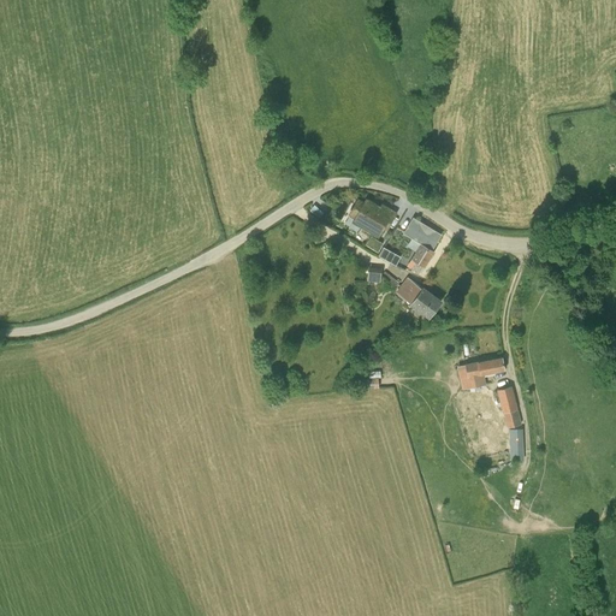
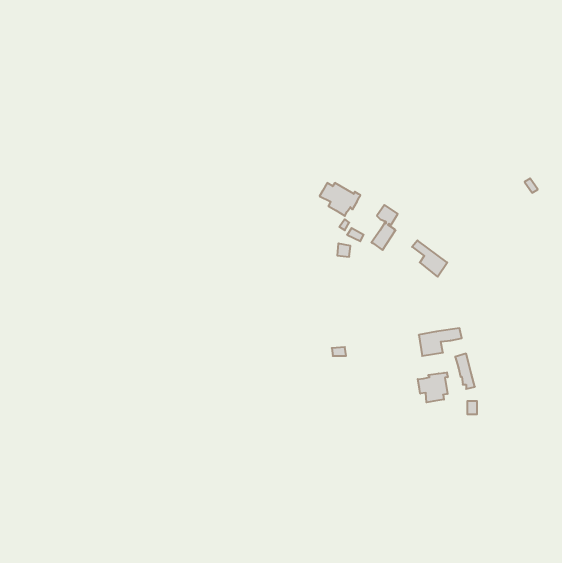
building: [401,278,439,318] -> [412,240,447,277]
building: none -> [418,372,448,402]

